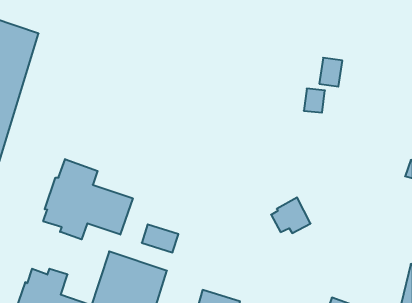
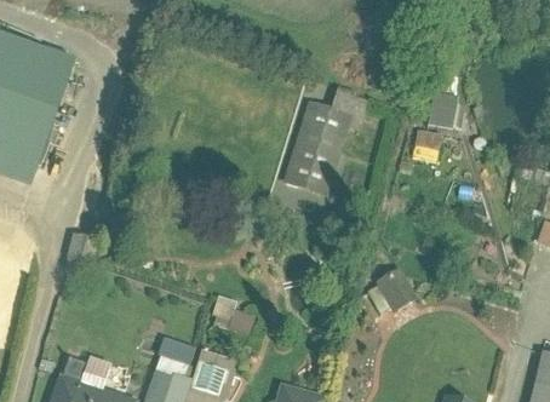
building: none -> [275,97,355,217]
building: [43,159,133,239] -> none

